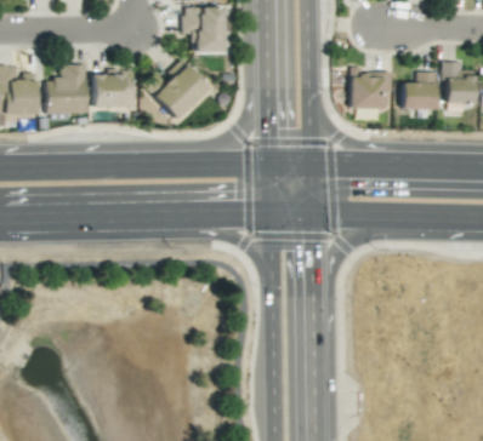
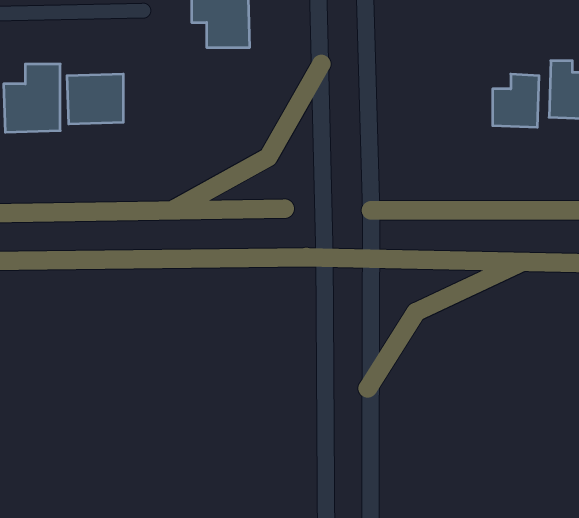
building: [144,62,210,120] -> none
building: [352,71,393,110] -> none

